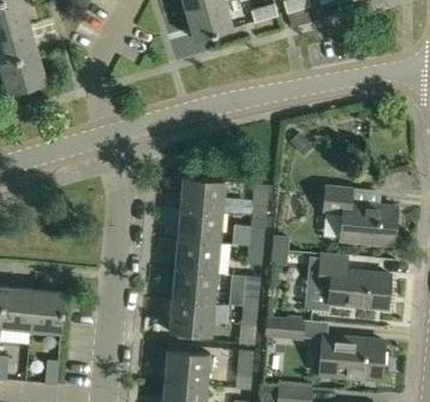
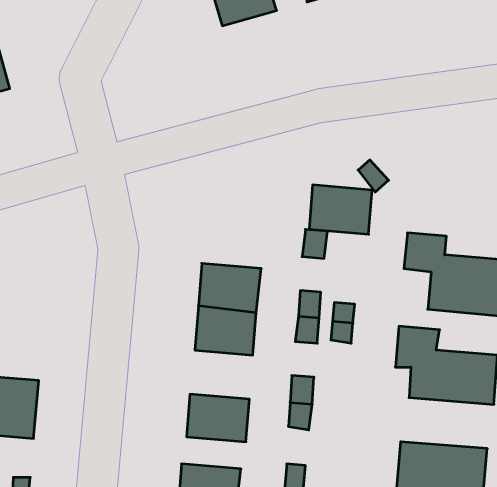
building: [181,178,225,213] -> [309,185,372,234]
building: [172,271,217,306] -> none
building: [265,318,306,342] -> none

